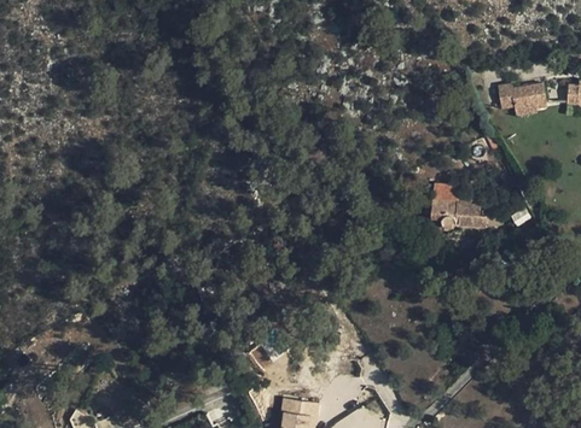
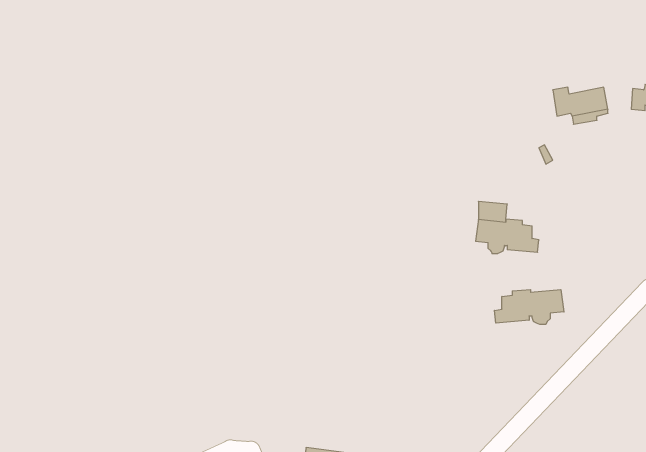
building: none -> [494,290,564,324]

